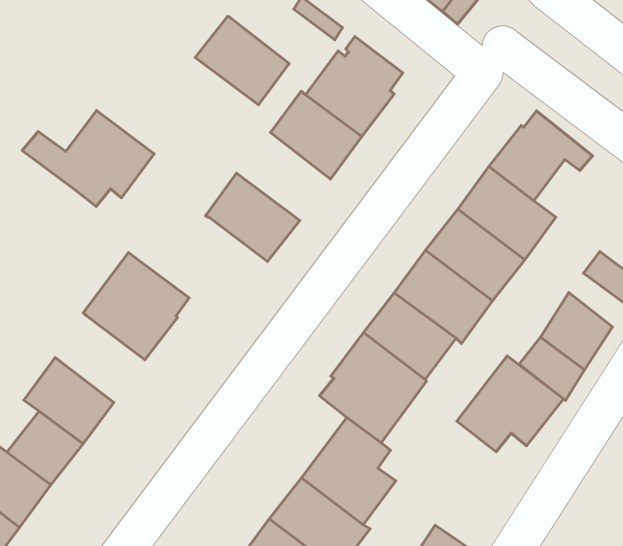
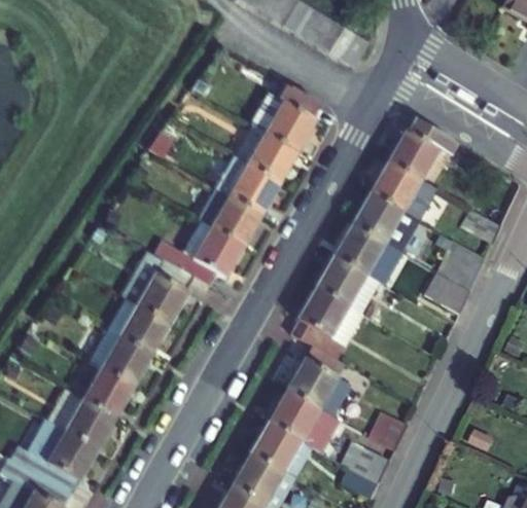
building: [195,17,289,105] -> [214,158,279,216]
building: [22,110,154,207] -> [152,222,243,288]
building: none -> [106,300,168,357]
building: [457,356,563,452] -> none

